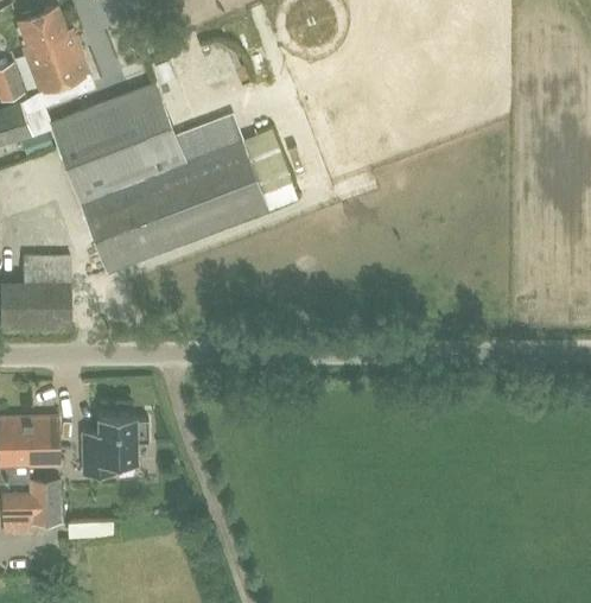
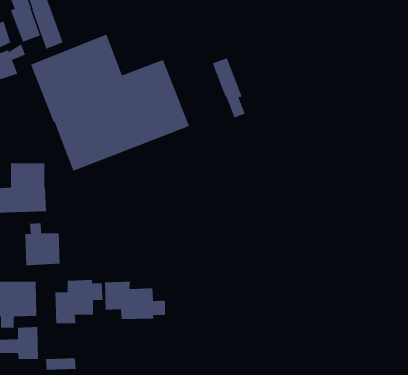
building: none -> [212,57,246,118]
building: none -> [25,223,60,266]
building: none -> [104,281,166,320]

